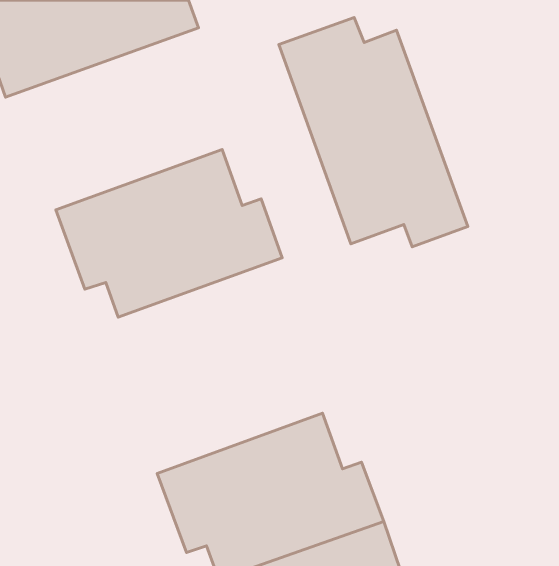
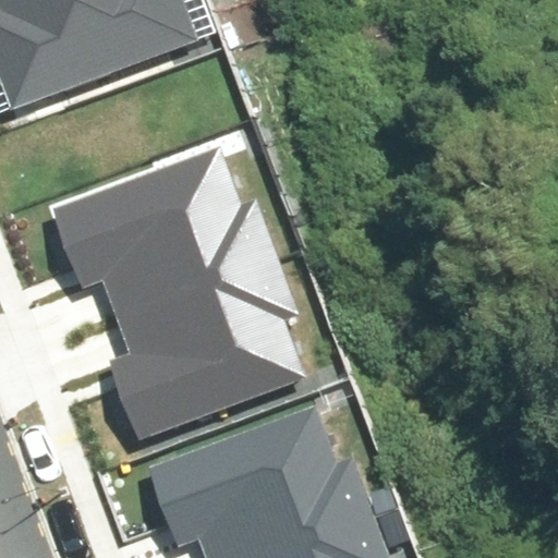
building: [279,18,468,247] -> none
building: none -> [109,256,299,434]

